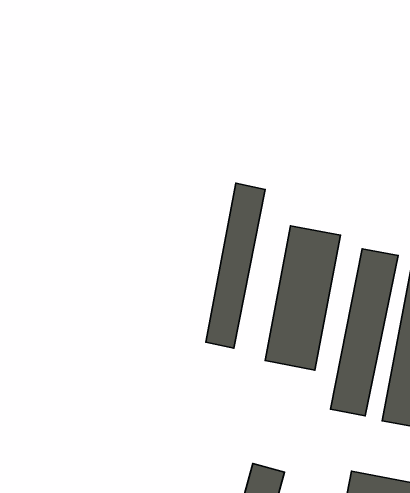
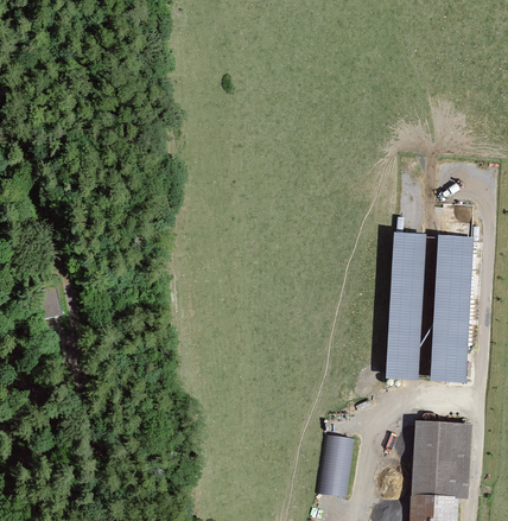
building: [206,183,265,348] -> none
building: [265,226,340,370] -> none

